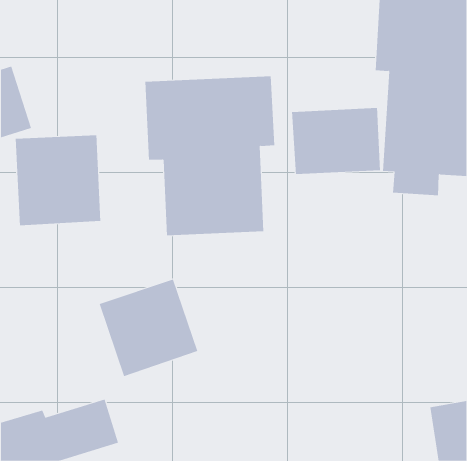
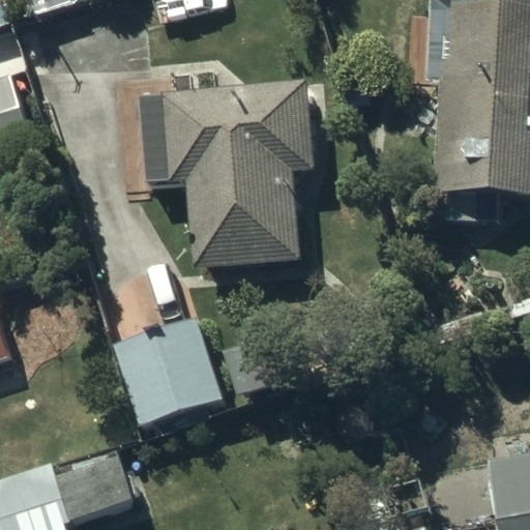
building: [292,107,381,175] -> none
building: [15,134,101,226] -> none

